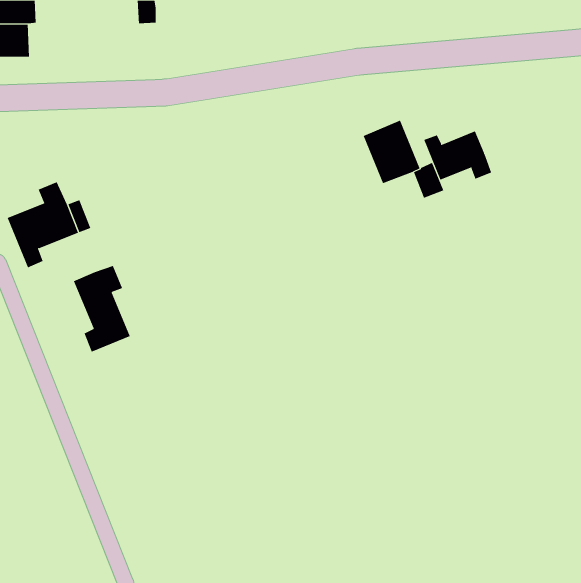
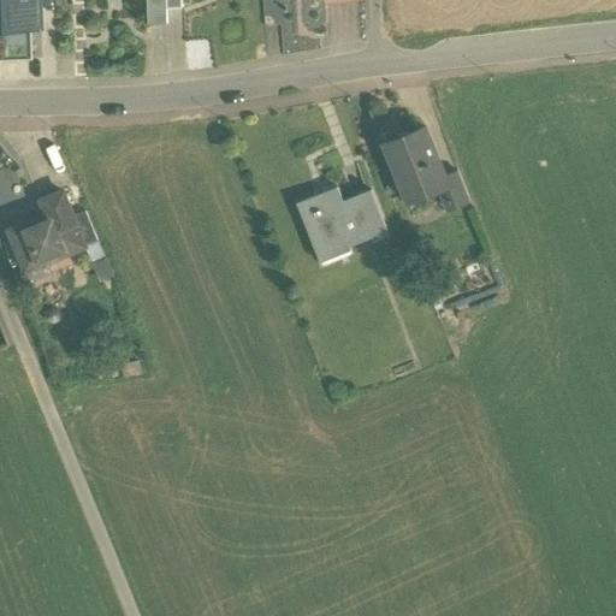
building: [424,130,492,181] -> none
building: none -> [295,184,385,261]
building: [73,265,130,353] -> none

